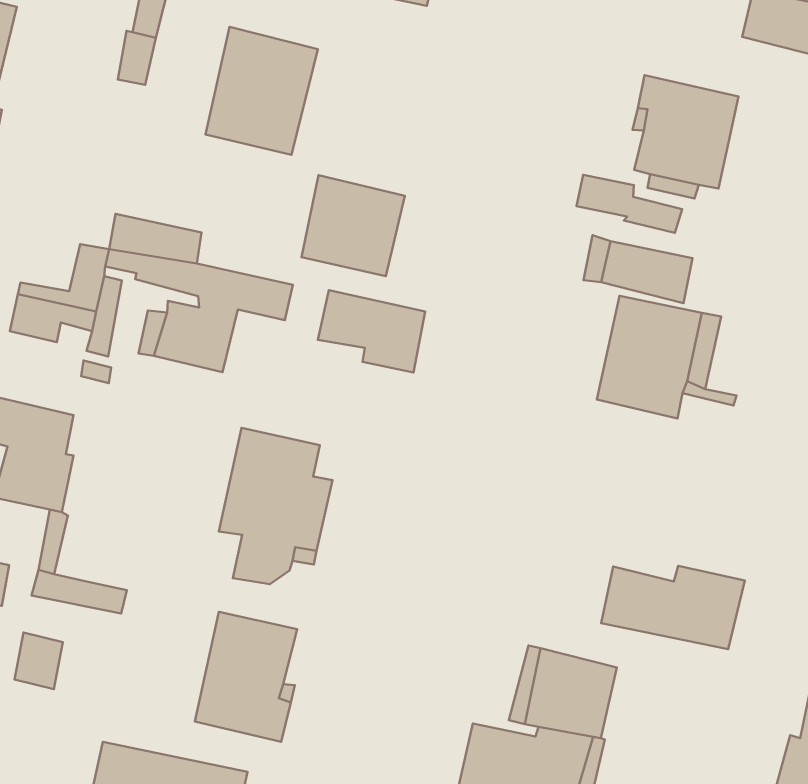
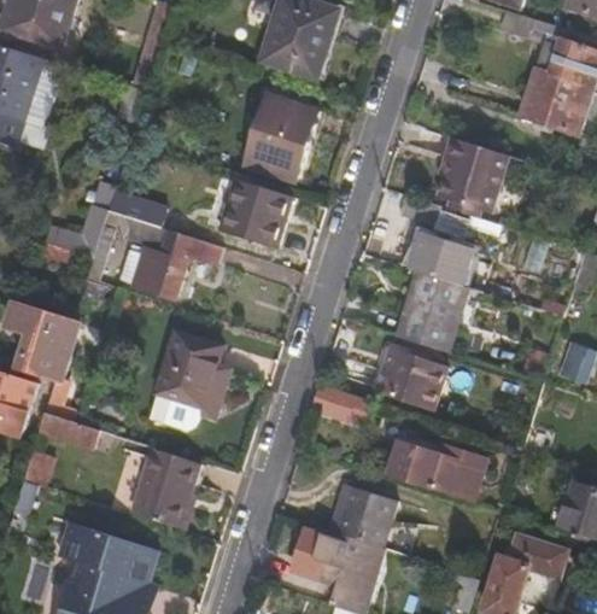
building: [205,27,318,155] -> [241,95,317,180]
building: [318,290,425,372] -> none
building: none -> [377,352,447,408]
building: none -> [310,382,357,421]

